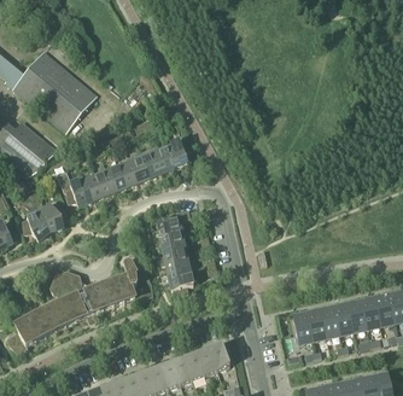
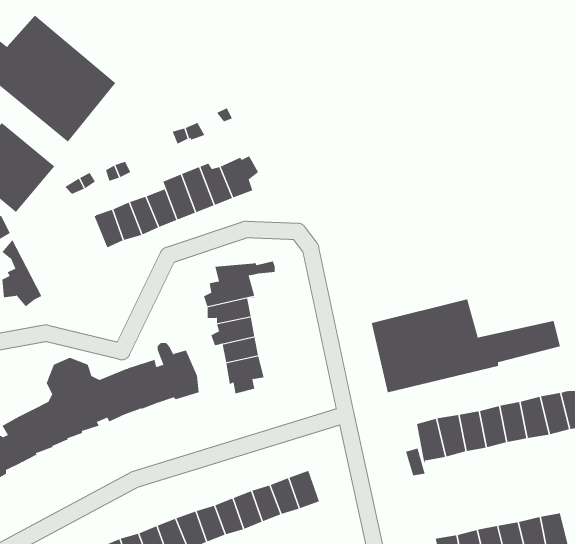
building: [57,171,90,205] -> none
building: [29,192,64,232] -> none
building: none -> [371,298,560,393]

